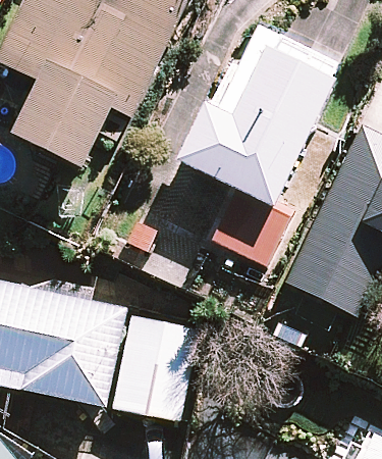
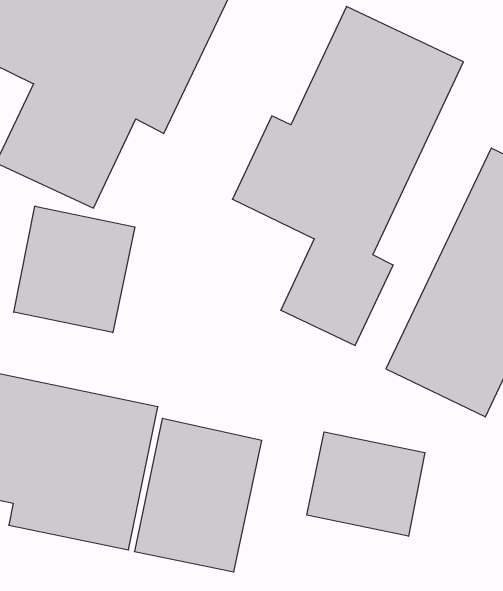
building: none -> [14,206,135,333]
building: none -> [307,432,425,536]

